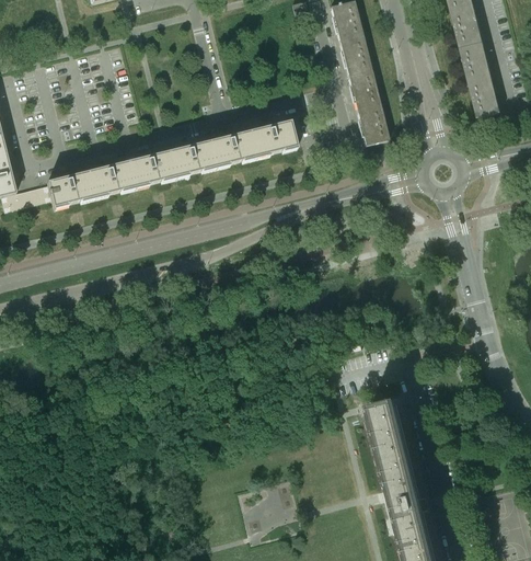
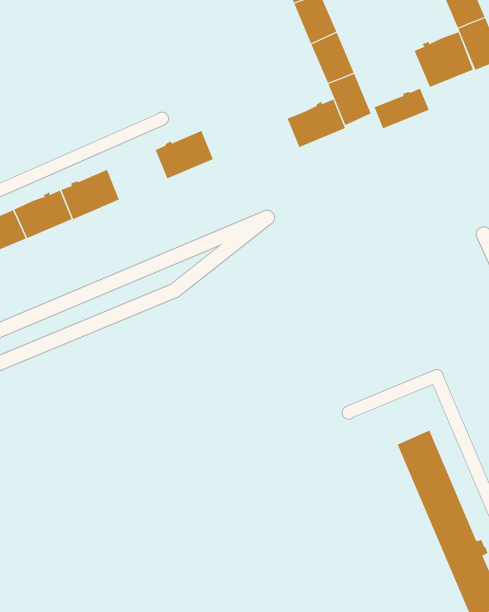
building: none -> [414,32,475,91]
building: [249,121,296,158] -> [287,99,347,150]
building: none -> [374,88,430,131]
building: [168,140,215,179] -> none

